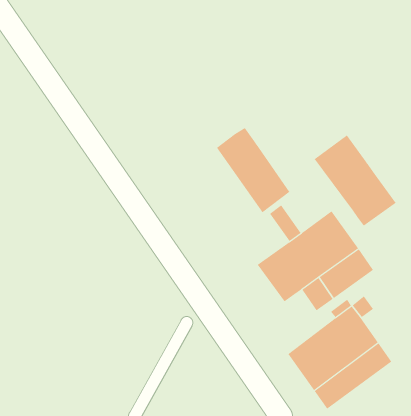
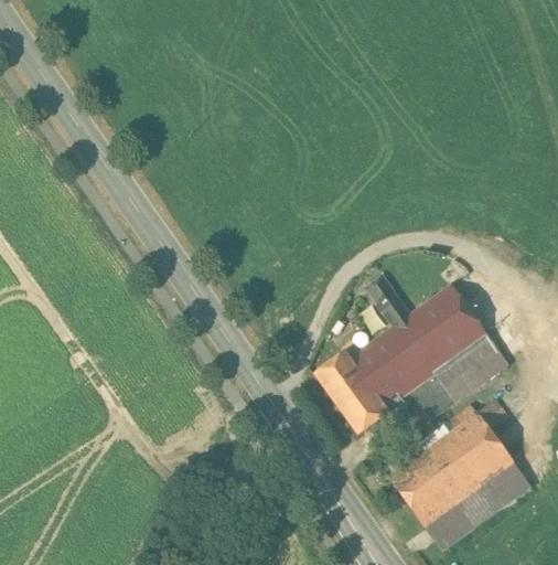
building: [216,127,290,213] -> none
building: [314,135,397,227] -> none
building: none -> [314,351,404,434]

